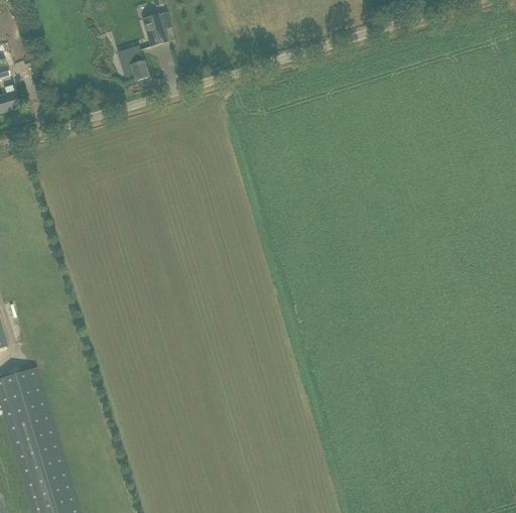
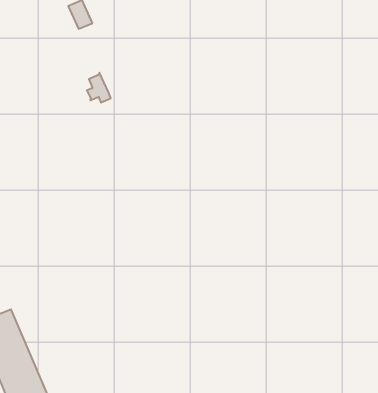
building: [121,43,148,79] -> [87,73,111,103]

